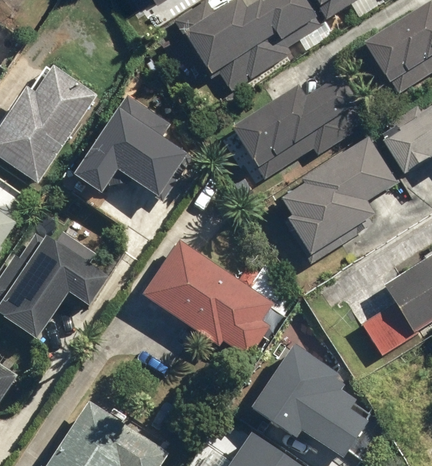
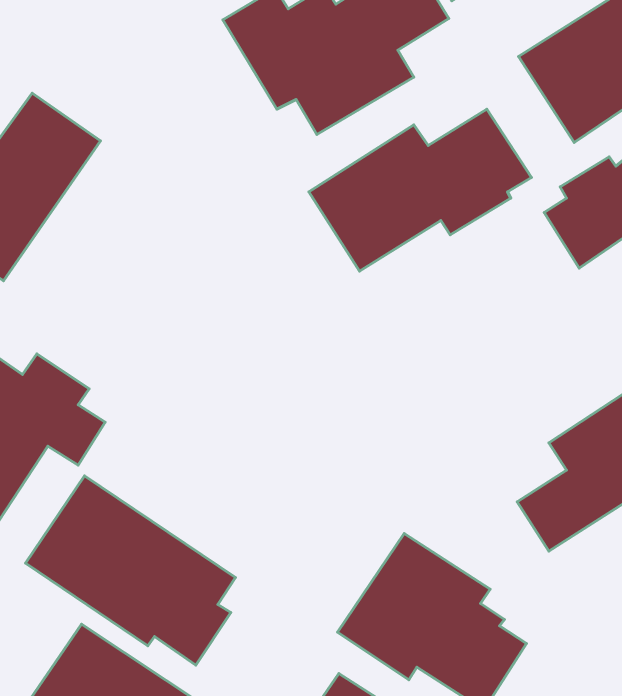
building: [73,91,190,196] -> none
building: [281,138,396,256] -> none
building: [141,240,273,359] -> [26,476,235,665]

